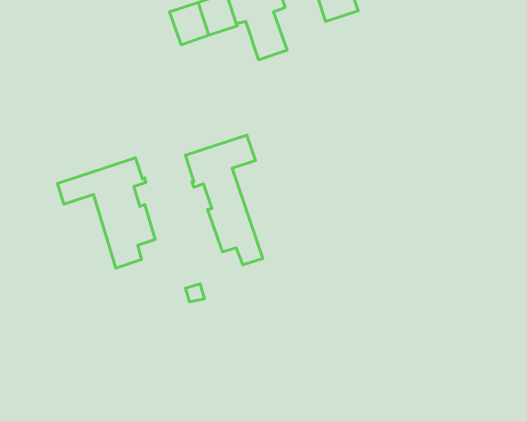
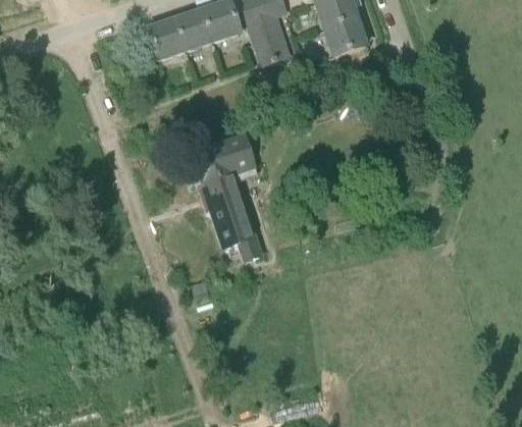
building: none -> [324,17,365,55]
building: none -> [148,18,186,59]
building: [57,158,155,268] -> none

